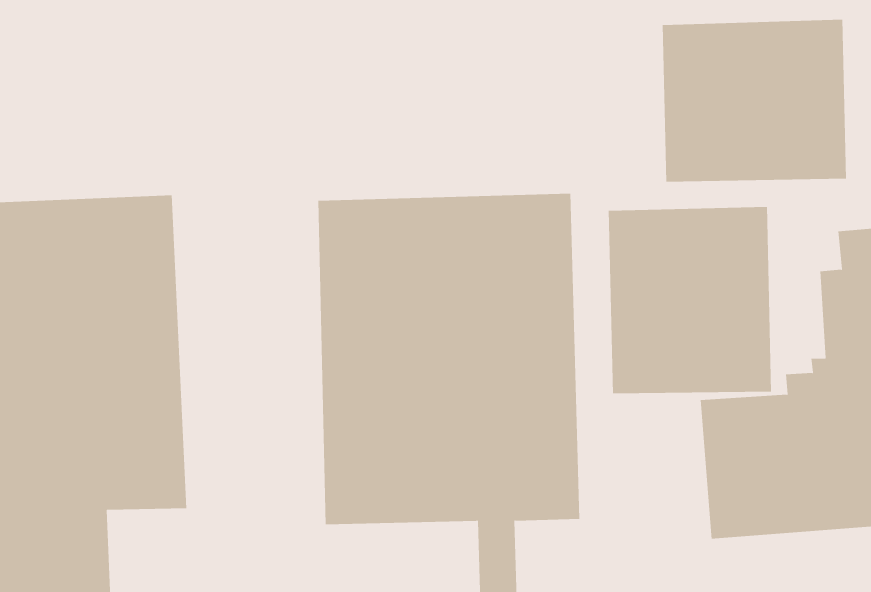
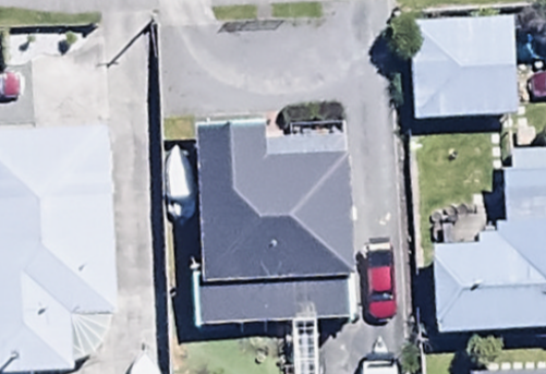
building: [608,206,772,394] -> none

